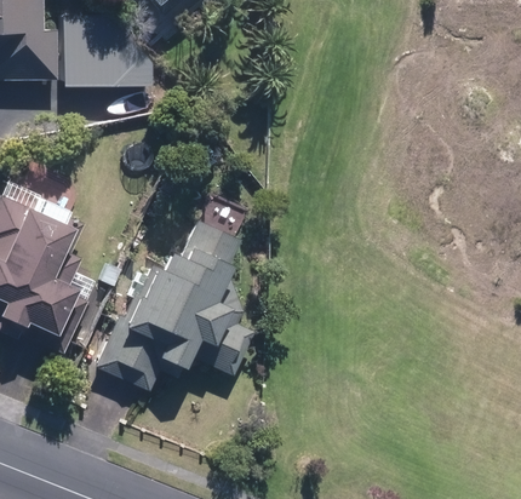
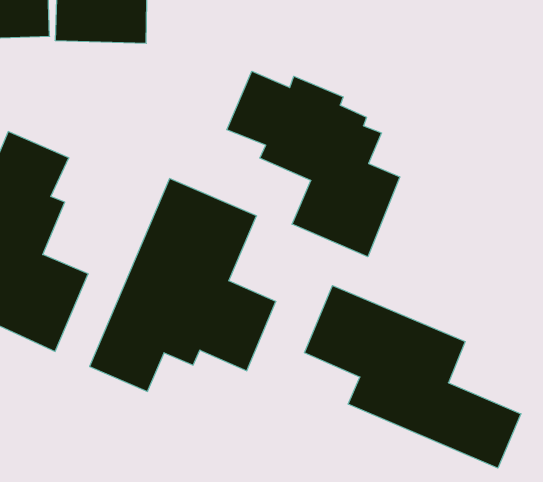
building: none -> [227,71,400,257]
building: none -> [305,286,521,468]

